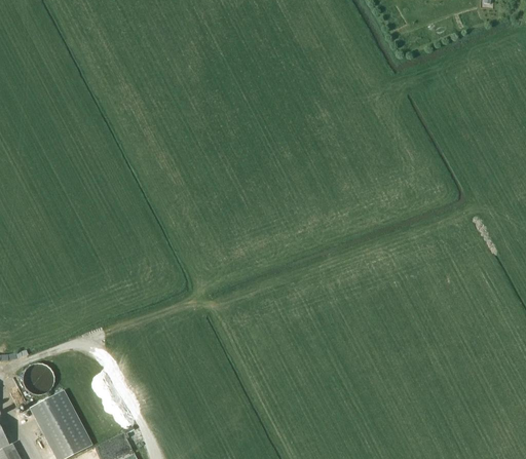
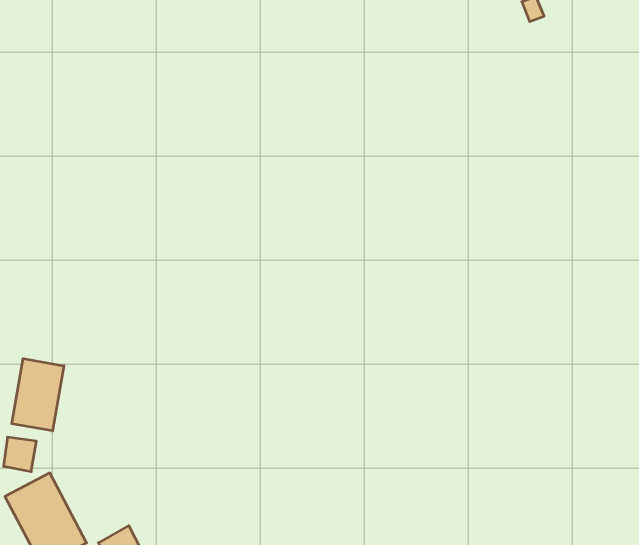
building: none -> [12,359,64,431]

